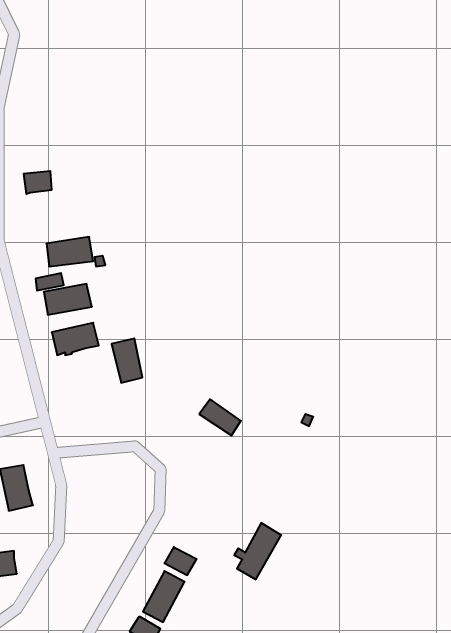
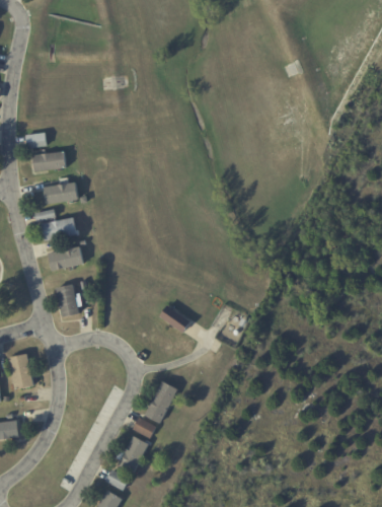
building: none -> [31,151,66,171]
building: [112,338,142,383] -> [56,283,79,316]
building: [234,523,281,579] -> [144,379,179,422]

